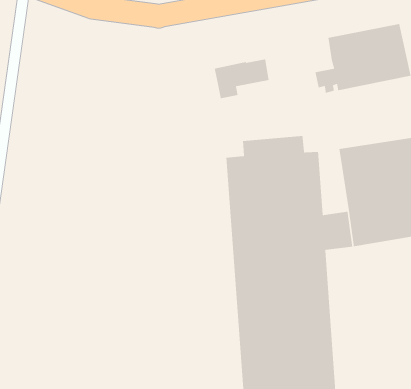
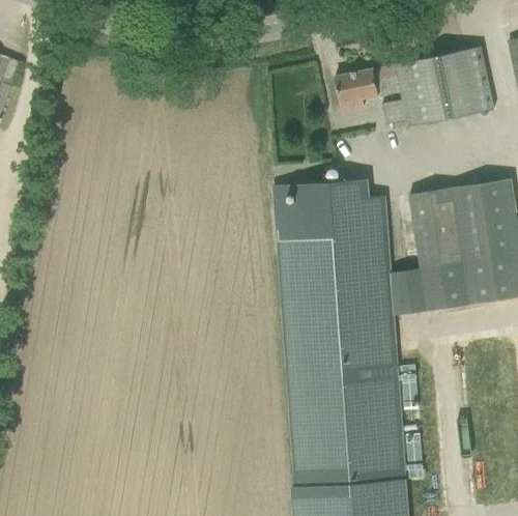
building: [214,58,269,99] -> [335,66,400,114]

